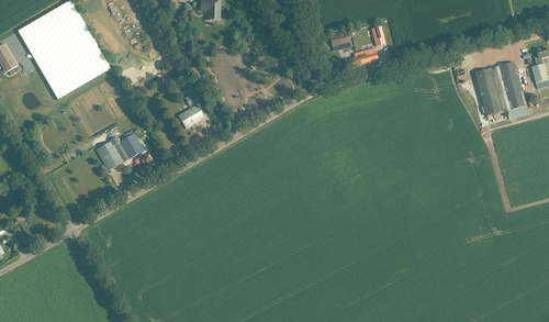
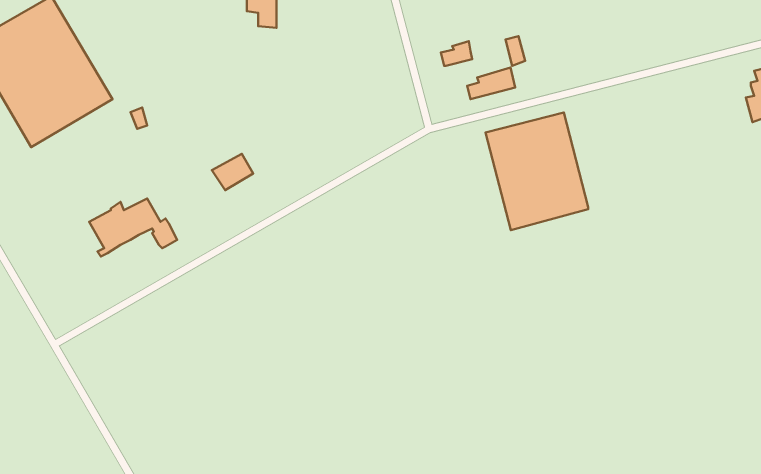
building: [475,62,527,115] -> none
building: none -> [486,112,588,230]

